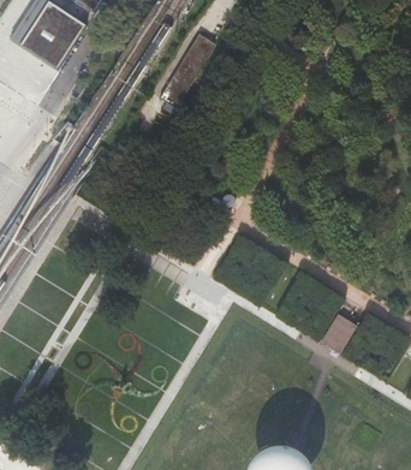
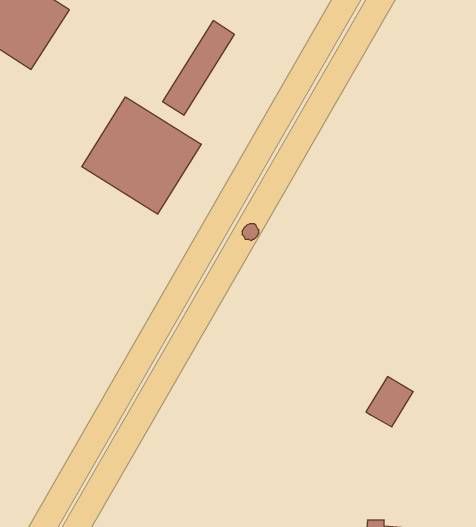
building: none -> [82,97,201,214]

